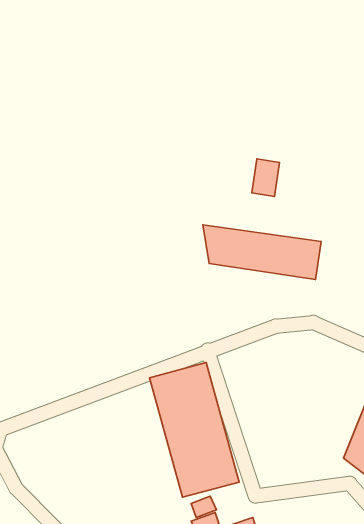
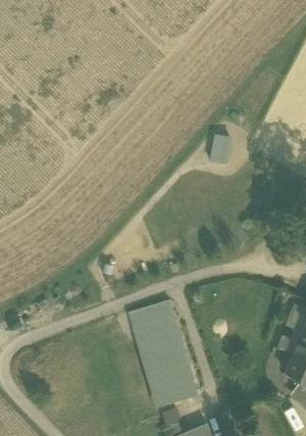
building: [203,225,321,279] -> none

